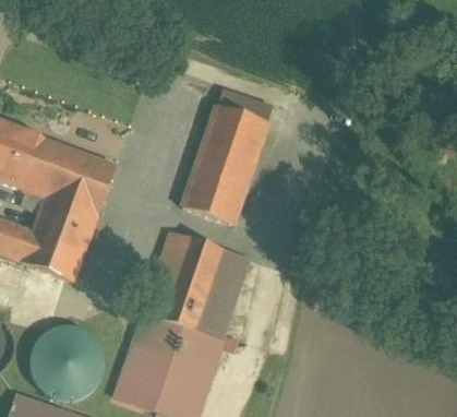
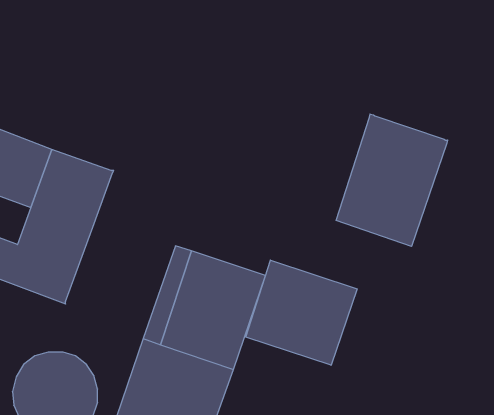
building: [183,88,274,224] -> none
building: none -> [336,114,448,246]
building: none -> [246,260,357,365]

